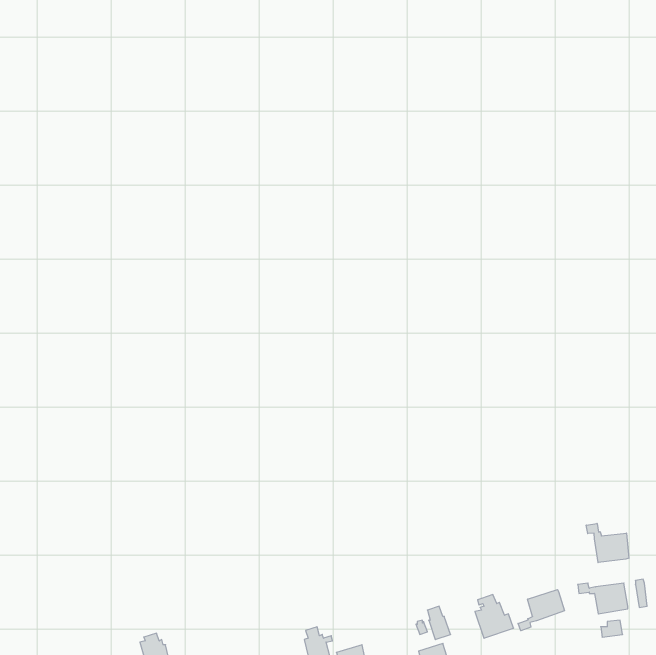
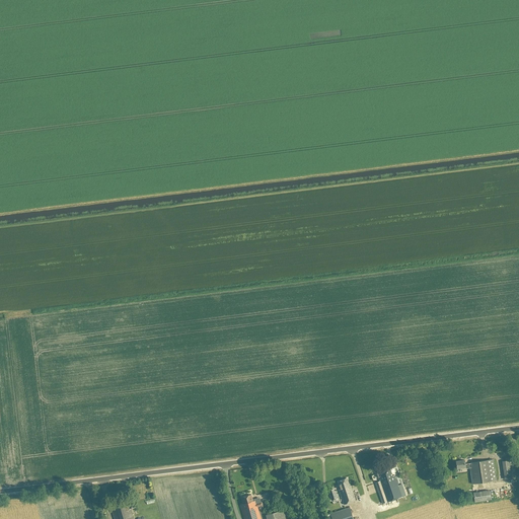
building: [586,523,629,563] -> none
building: [518,590,565,631] -> none

